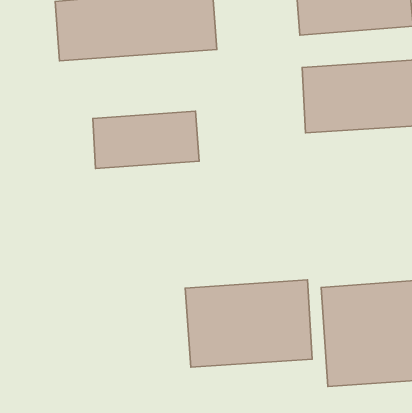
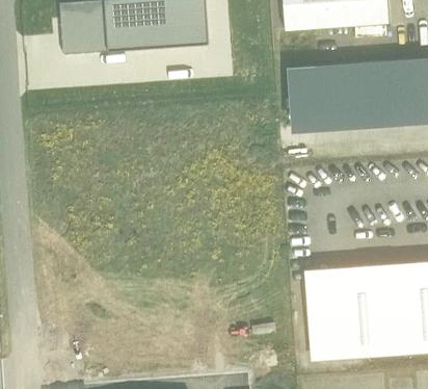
building: [93,111,199,169] -> none
building: [185,280,312,367] -> none

